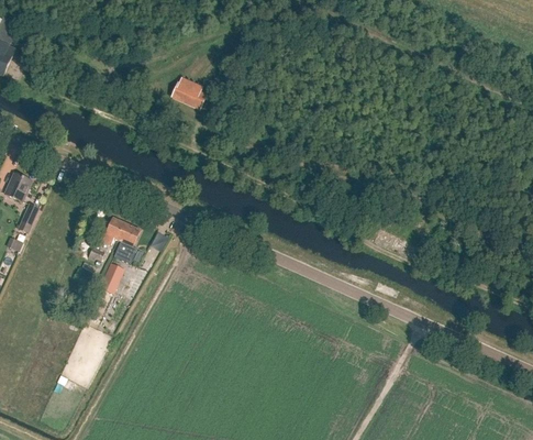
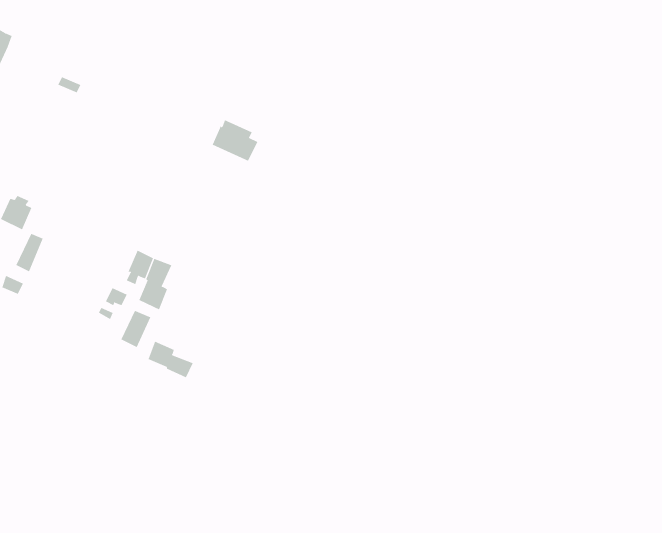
building: [170,77,207,110] -> [212,120,258,162]
building: none -> [148,341,193,378]

